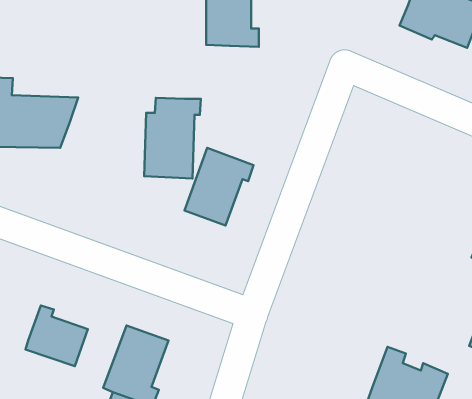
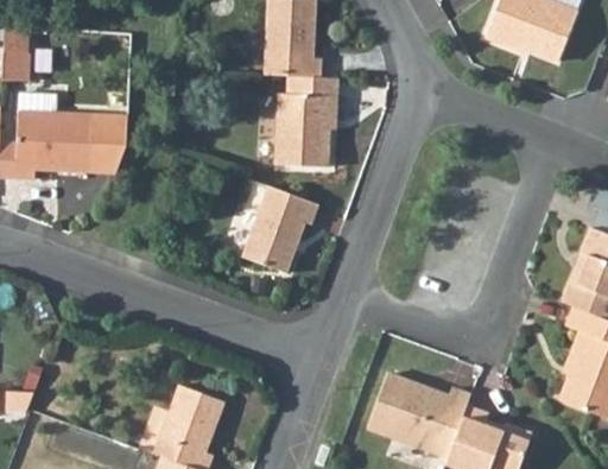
building: [144,98,201,178] -> [279,70,342,159]
building: [25,306,88,366] -> none
building: none -> [376,369,470,446]

